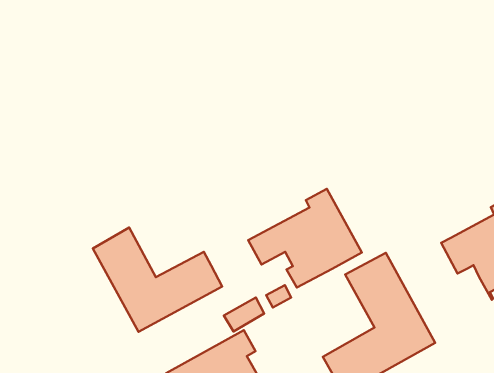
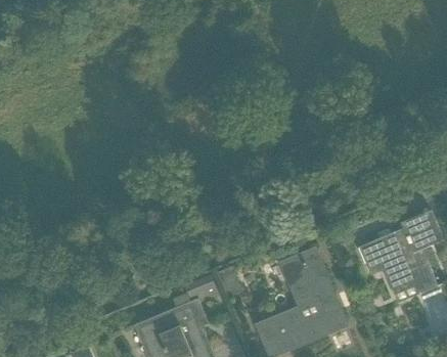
building: [248,189,362,287] -> none
building: [93,228,222,332] -> none

